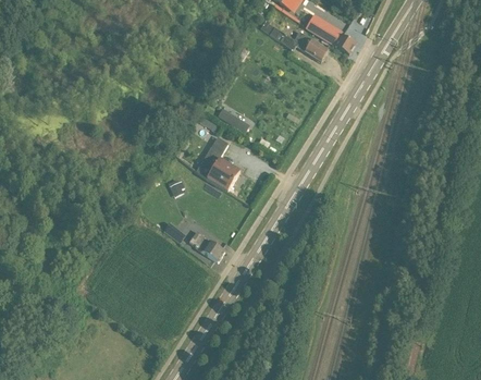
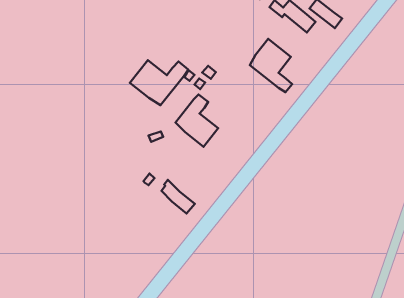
building: none -> [250,39,292,92]
building: none -> [130,60,188,105]

